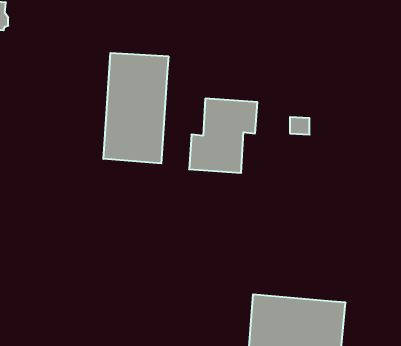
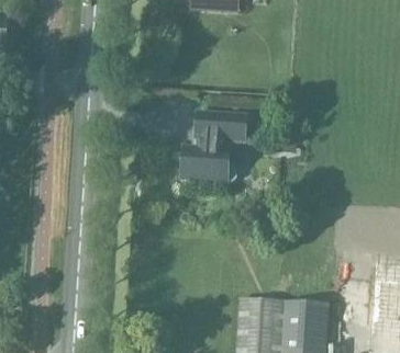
building: [103,53,168,163] -> none

